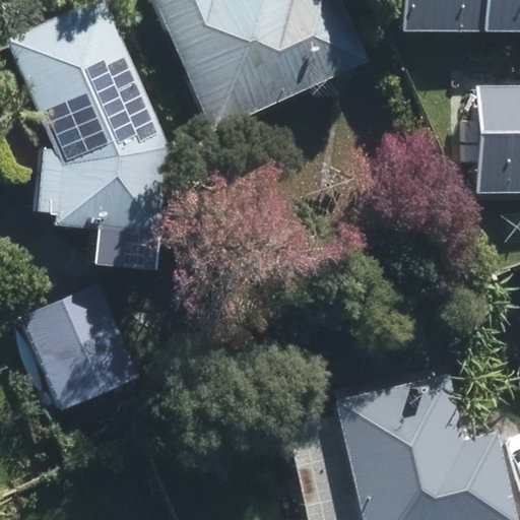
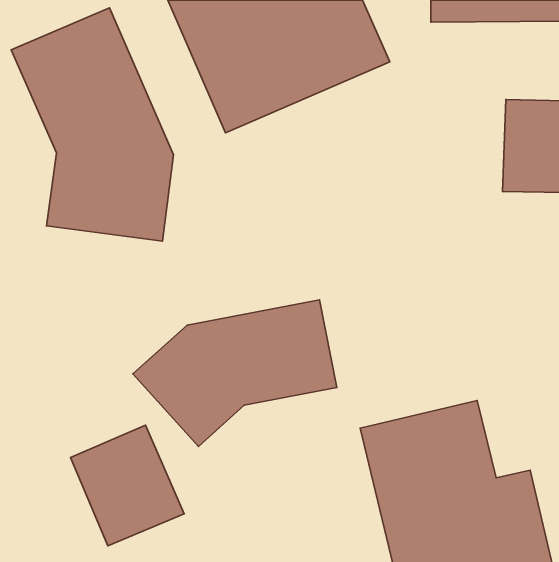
building: none -> [133,300,337,447]
building: [28,290,133,401] -> [70,425,184,546]

